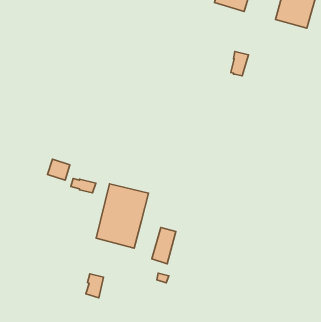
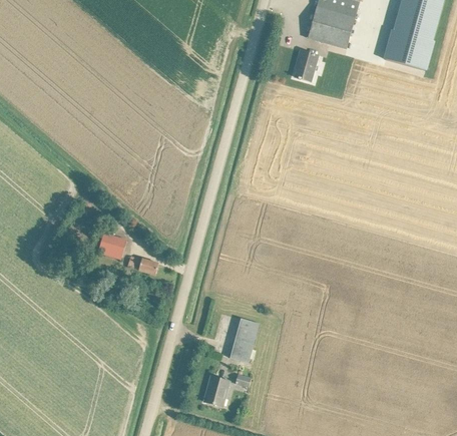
building: [231,52,249,76] -> [296,50,318,80]
building: [96,184,148,248] -> none
building: [86,274,104,298] -> [206,376,229,406]

